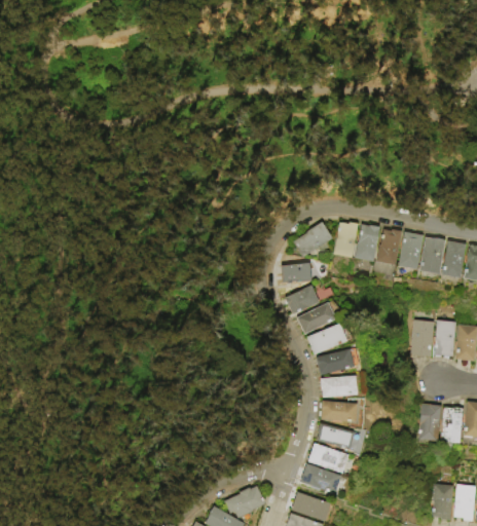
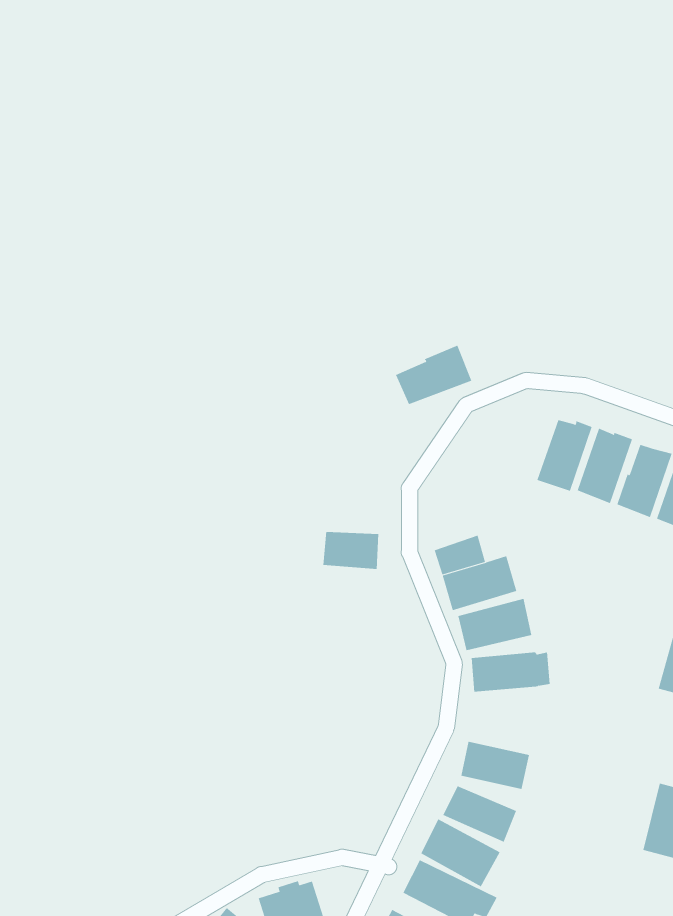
building: [293,226,333,261] -> [395,345,472,405]
building: [282,268,311,289] -> [322,532,379,570]
building: [321,374,356,394] -> none

